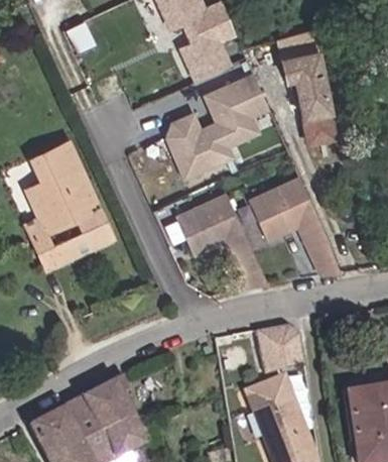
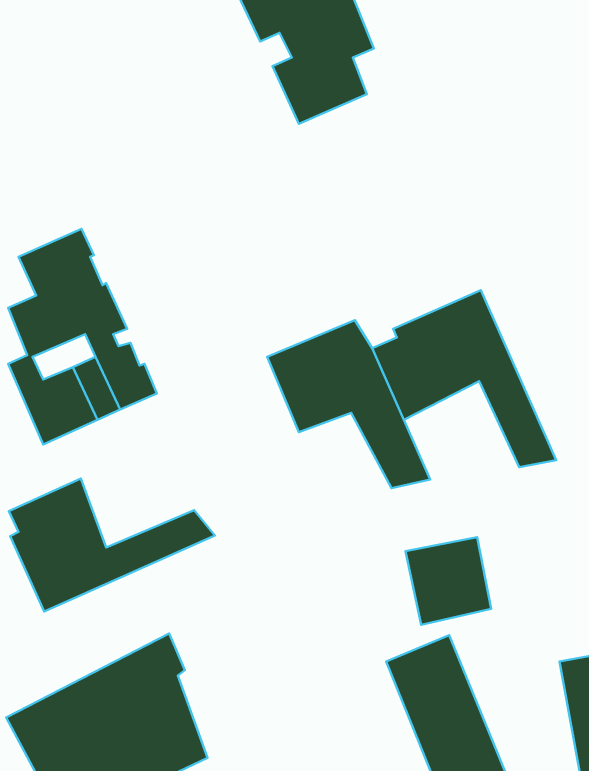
building: [271,33,342,148] -> none
building: [166,73,271,182] -> none
building: none -> [9,479,215,612]

